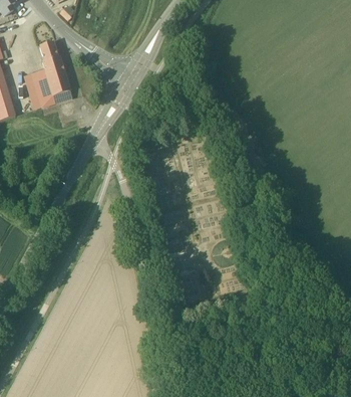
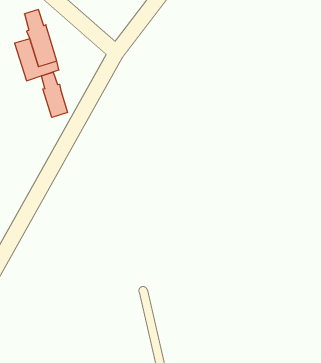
building: none -> [41,72,67,117]

